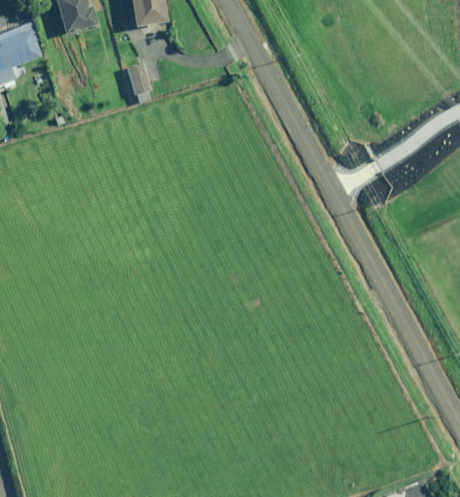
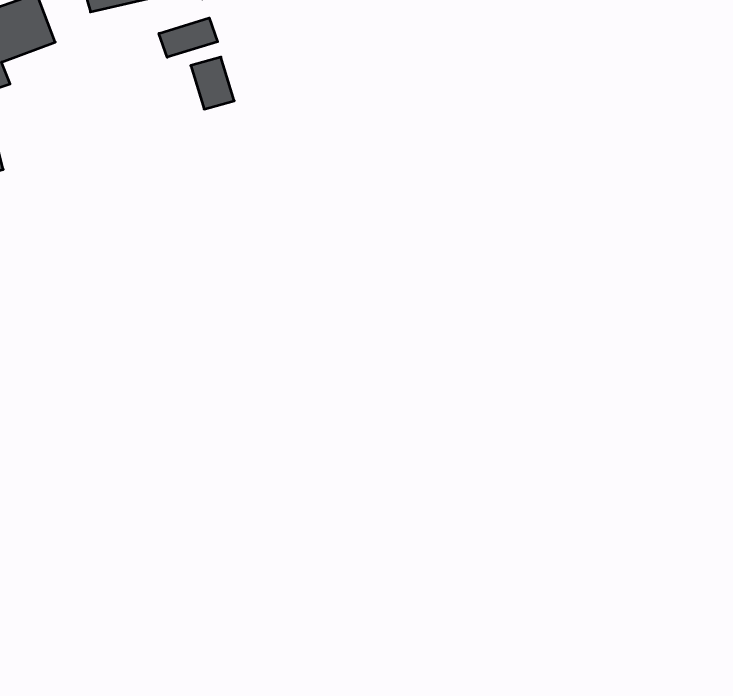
building: none -> [159,18,218,57]

